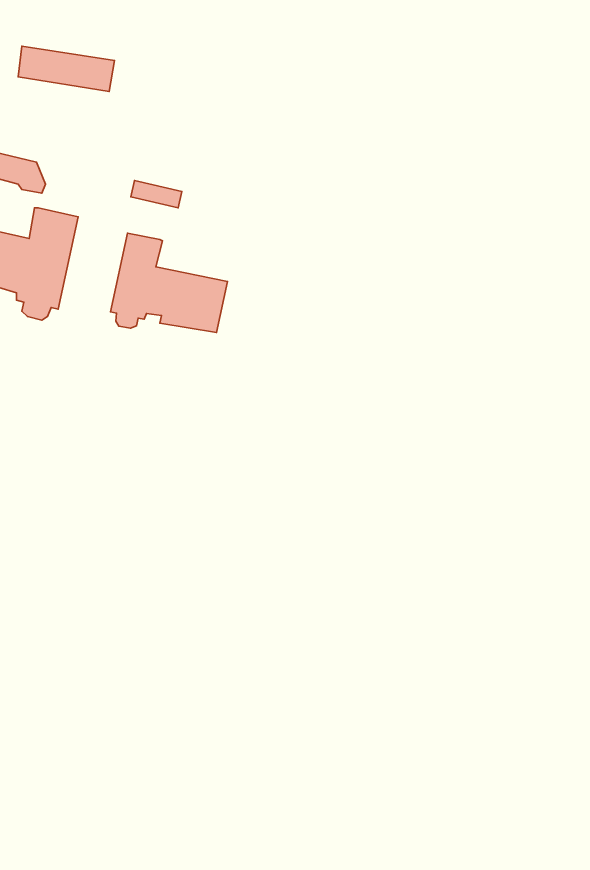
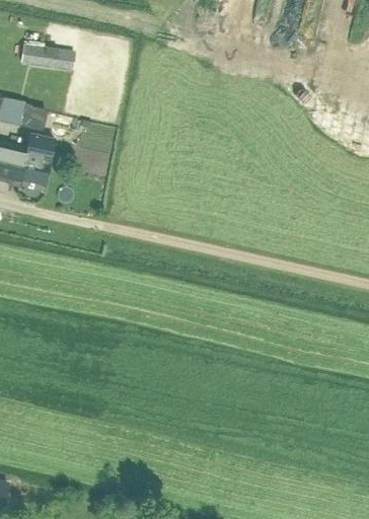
building: [110,233,228,333] -> none

